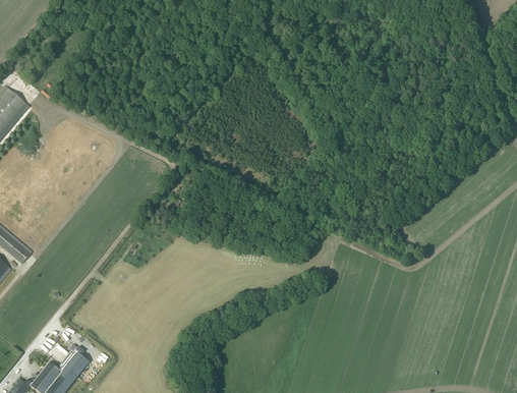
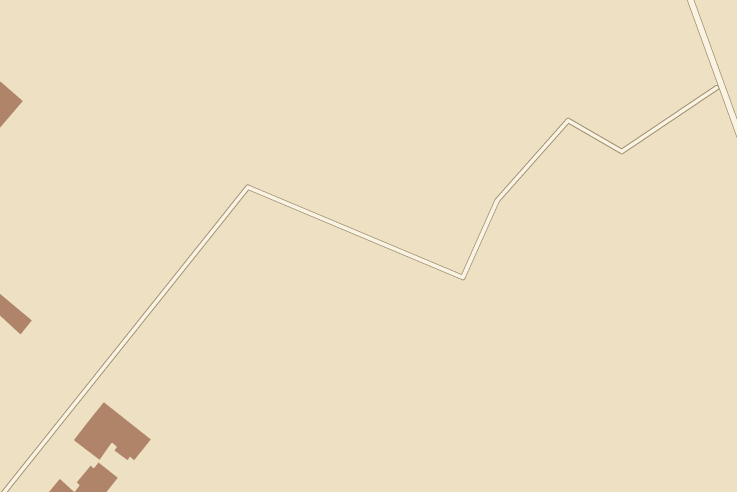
building: none -> [73,401,152,461]

